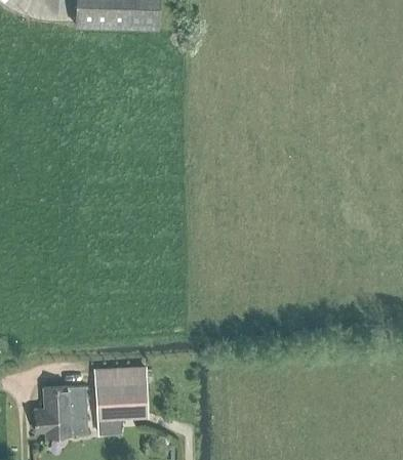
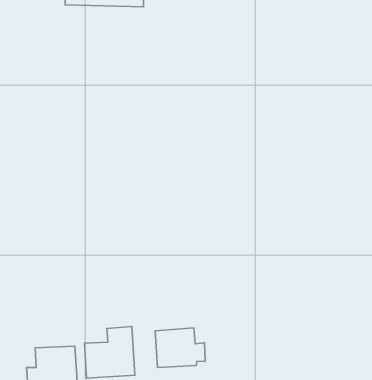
building: none -> [155,328,205,367]

